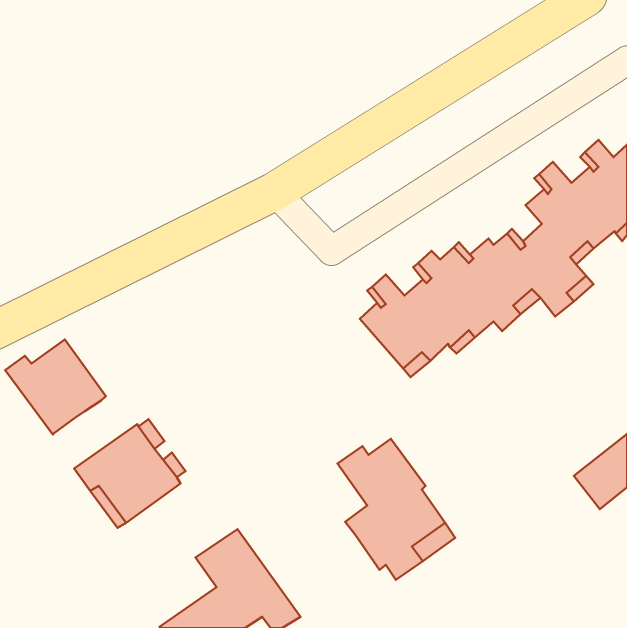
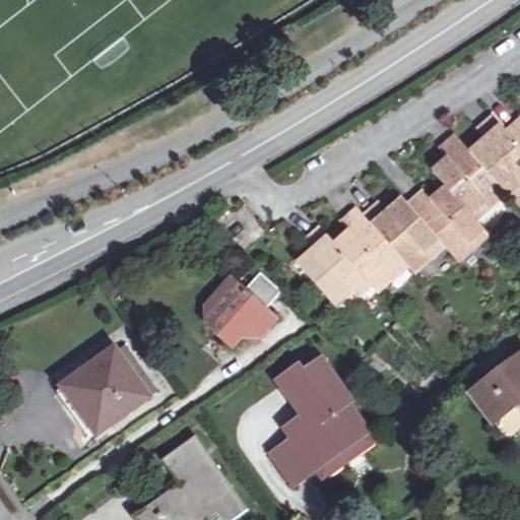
building: none -> [205,271,280,345]
building: [5,340,106,434] -> none
building: none -> [271,439,312,481]

